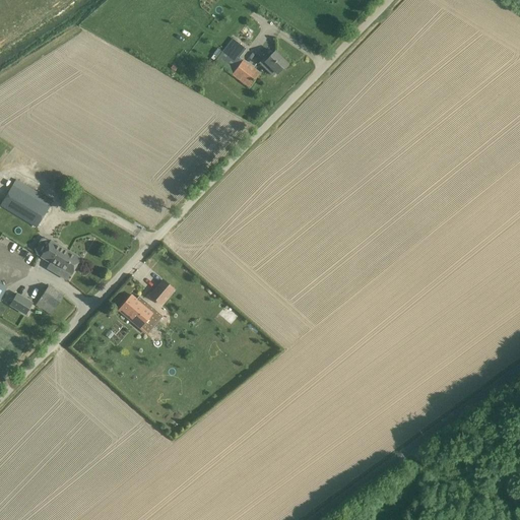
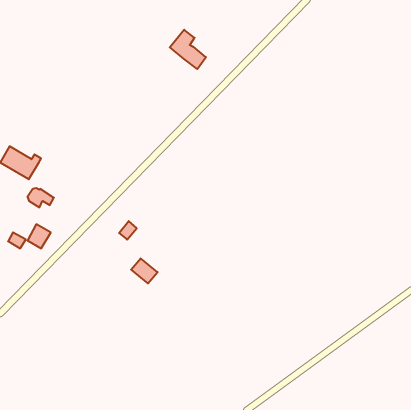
building: [259,51,287,76] -> none
building: [50,250,81,275] -> none
building: [119,295,152,326] -> [131,258,158,283]

